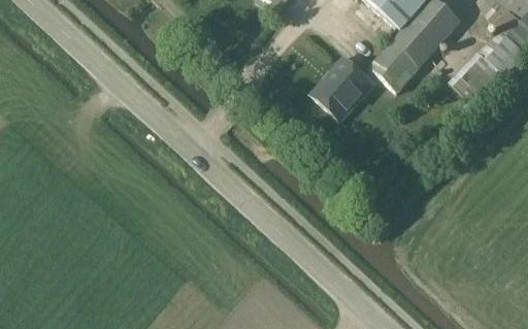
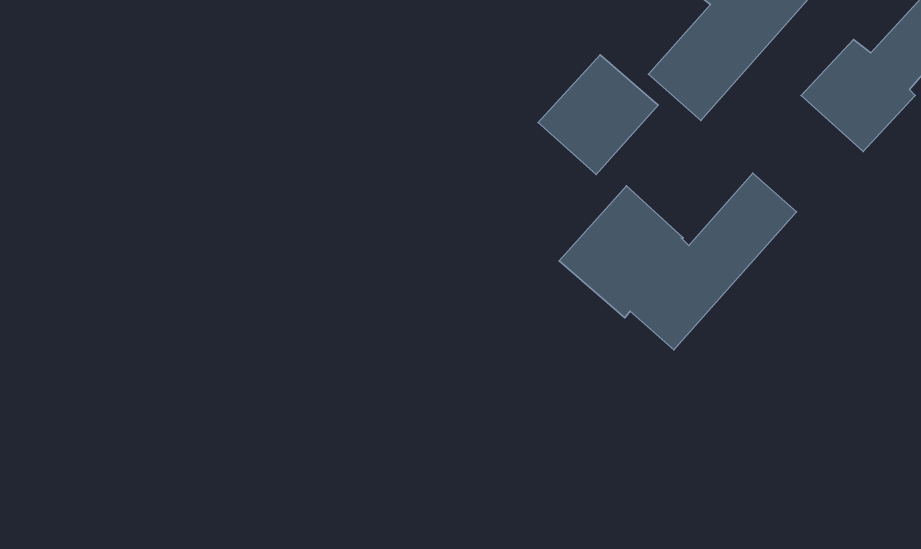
building: none -> [559,173,796,350]

